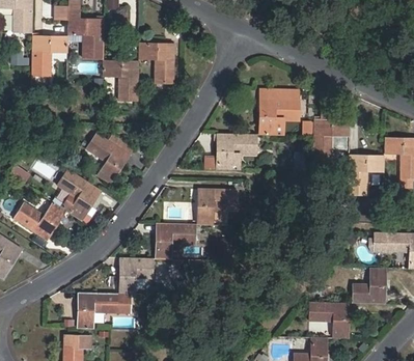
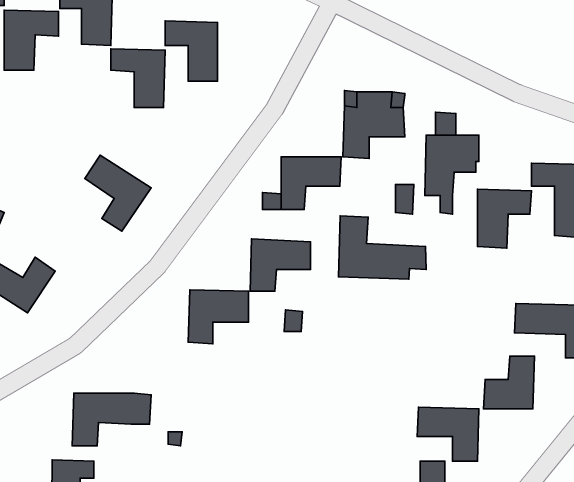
building: [56,169,101,220] -> none
building: none -> [339,216,426,279]
building: [118,258,153,294] -> none

